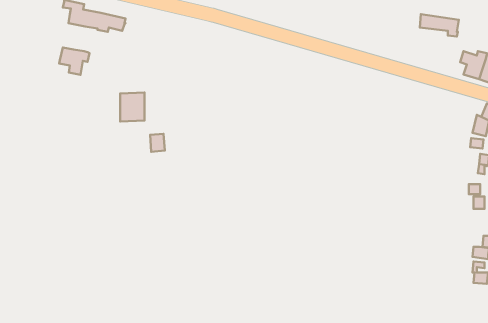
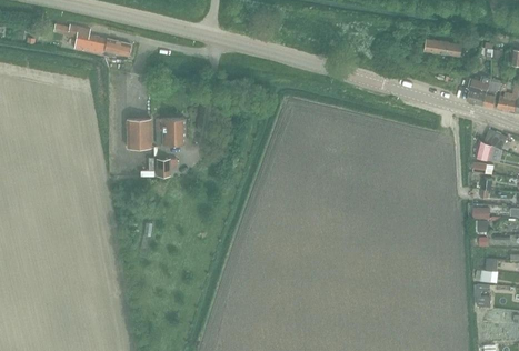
building: [59,48,90,75] -> none
building: none -> [156,117,184,143]

